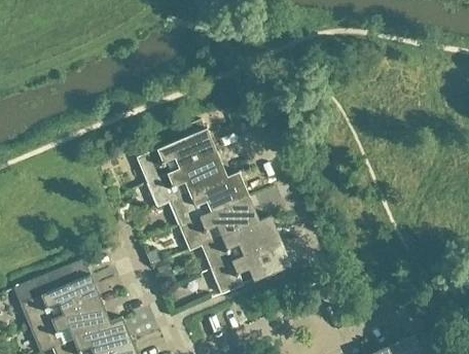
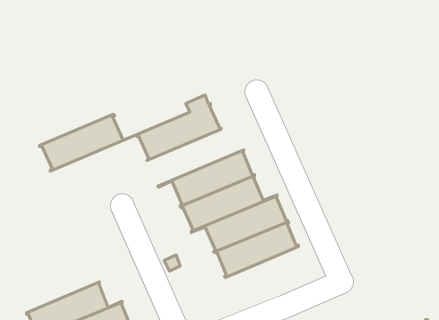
building: [146,153,239,208] -> [39,114,136,171]
building: [13,260,101,329] -> none

